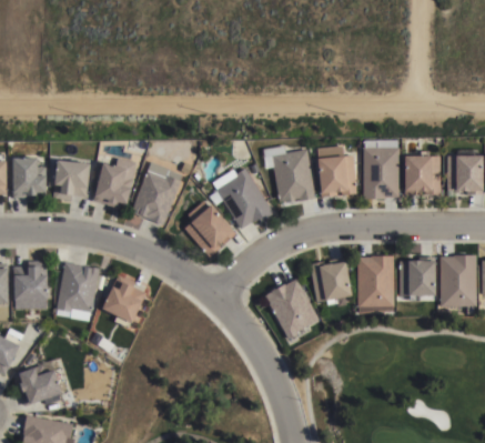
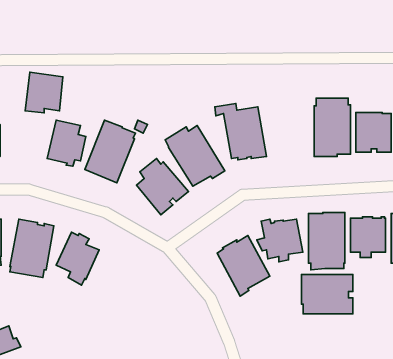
building: [316,145,356,197] -> none
building: [53,159,91,200] -> [25,72,63,113]
building: none -> [302,274,353,314]

